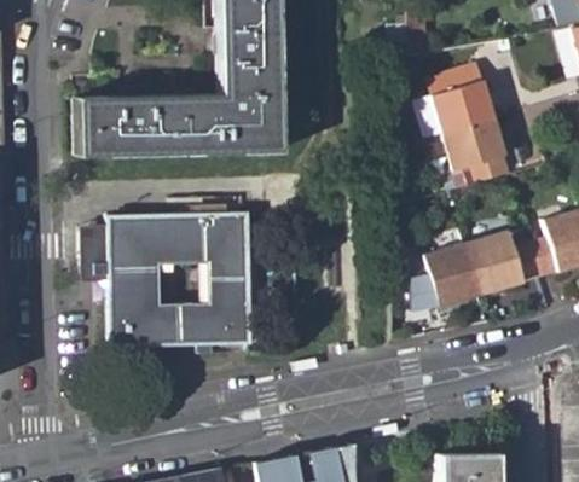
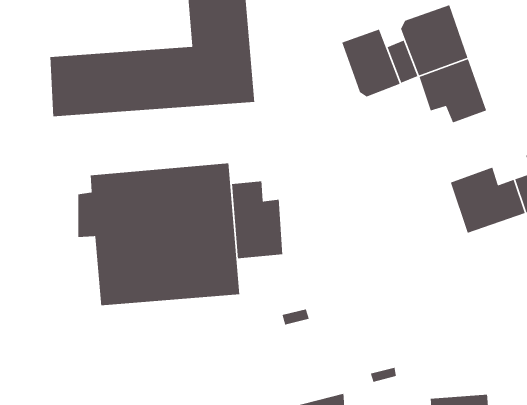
building: none -> [341,29,401,97]
building: none -> [231,180,283,259]
building: [411,242,484,310] -> none

